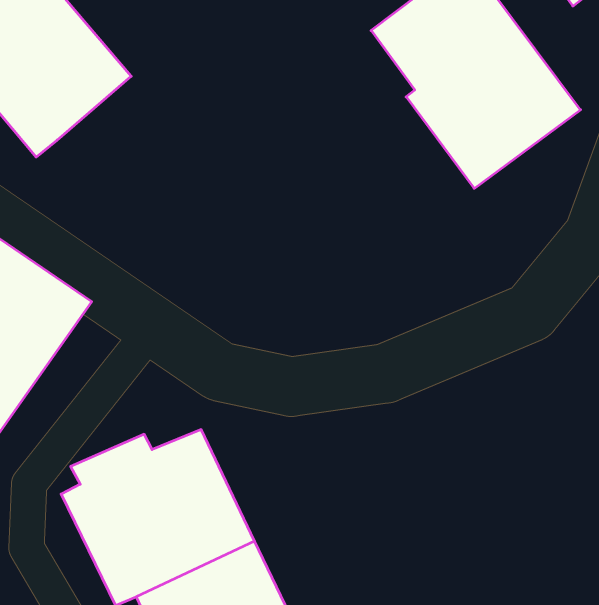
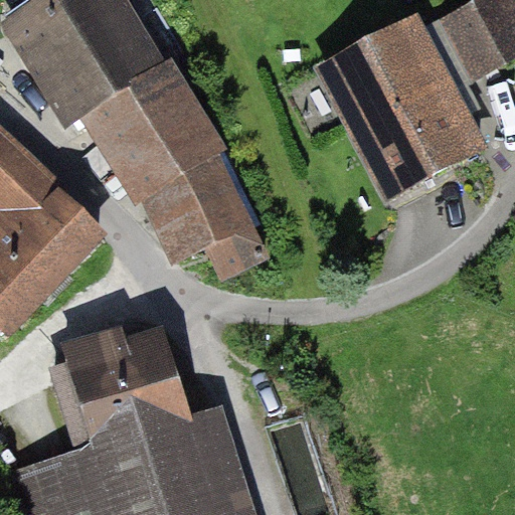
building: none -> [95,64,267,274]

